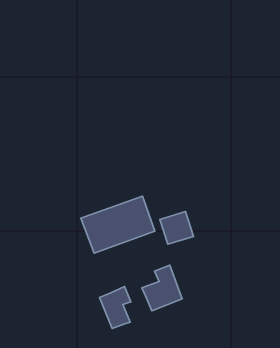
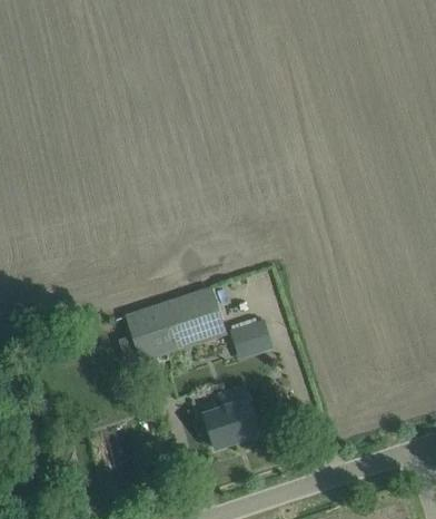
building: [100,286,131,329] -> none

